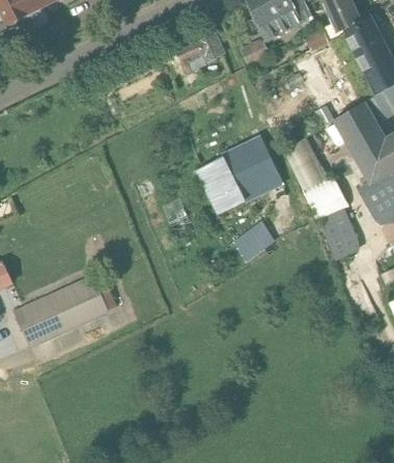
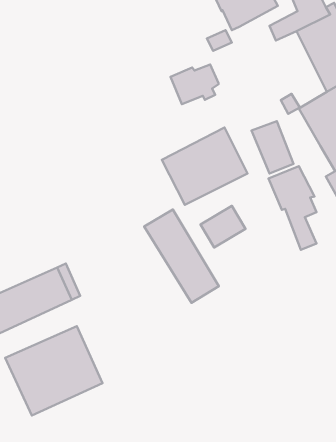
building: [175,33,223,73] -> [170,64,218,104]
building: none -> [144,210,219,303]
building: none -> [5,326,102,416]

